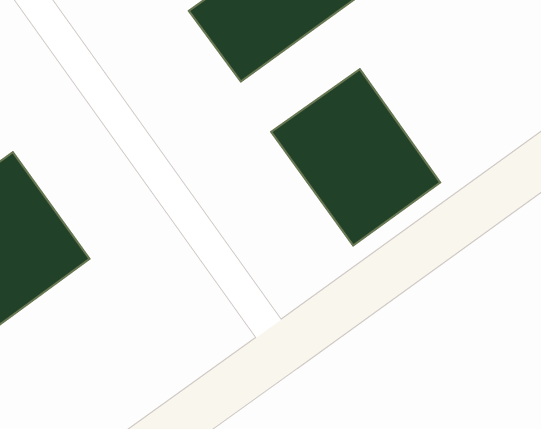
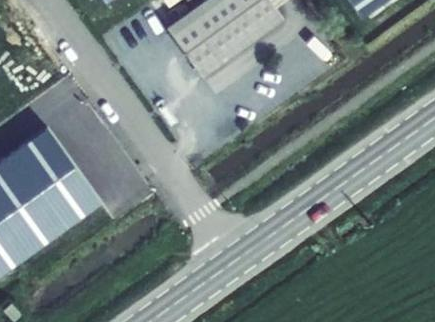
building: [271,69,440,245] -> none

